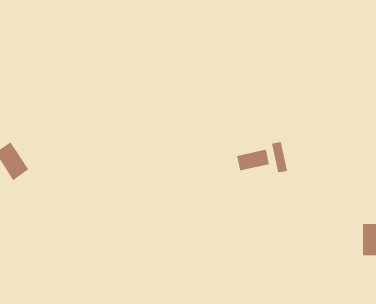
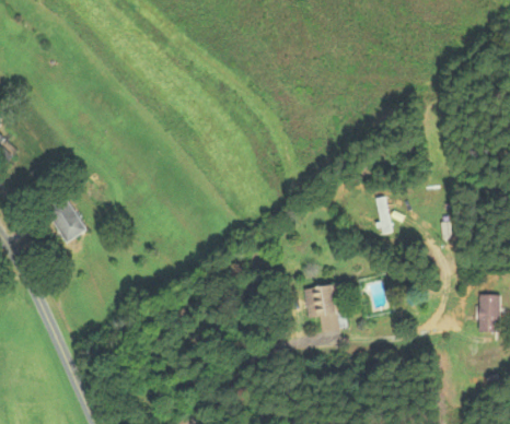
building: [236,149,270,171] -> none
building: none -> [306,283,345,330]

